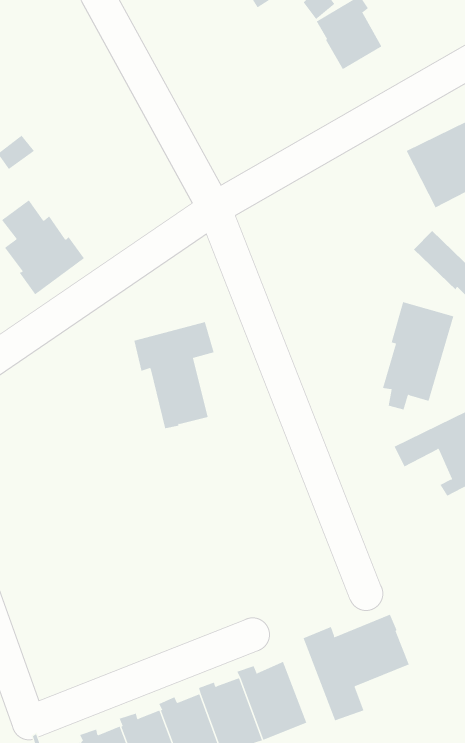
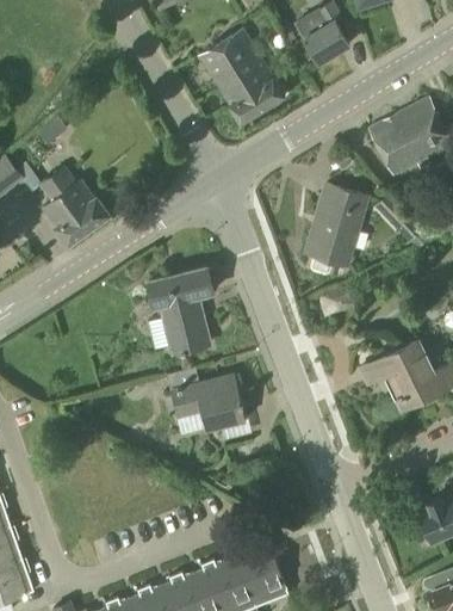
building: none -> [199,30,285,124]
building: [382,301,454,410] -> [309,184,367,272]
building: none -> [166,368,246,431]
building: [303,614,410,721] -> none

